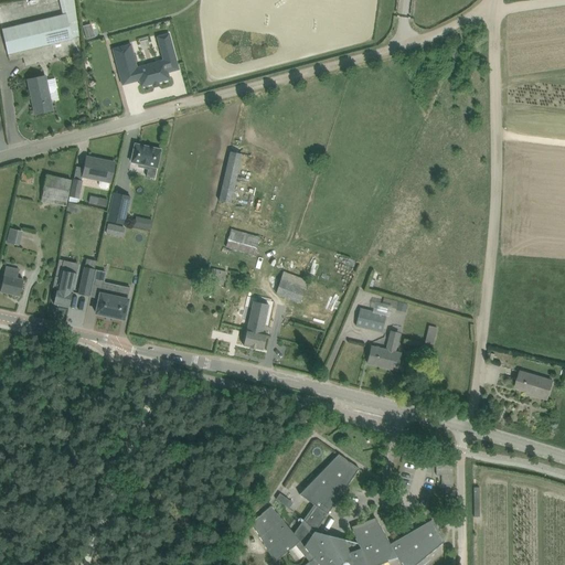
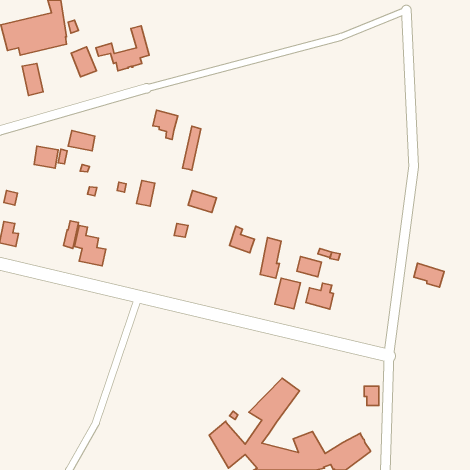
building: none -> [71,47,96,77]
building: [130,143,160,179] -> [153,110,178,140]
building: [107,193,129,224] -> [136,180,155,206]
building: [52,269,76,307] -> none
building: [243,301,268,350] -> [260,238,281,278]
building: none -> [275,278,301,309]
building: [515,371,552,399] -> [414,263,444,287]

